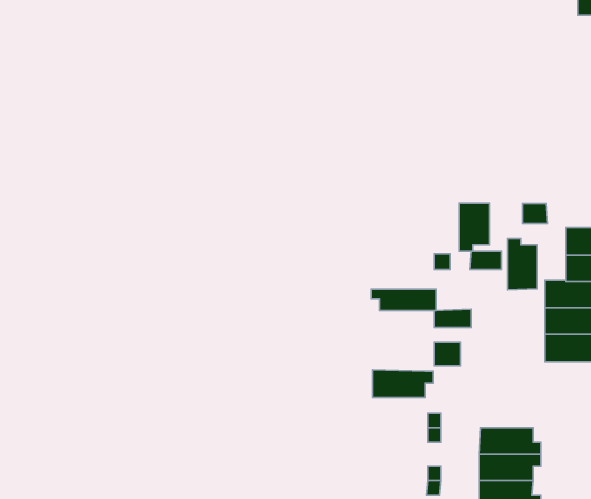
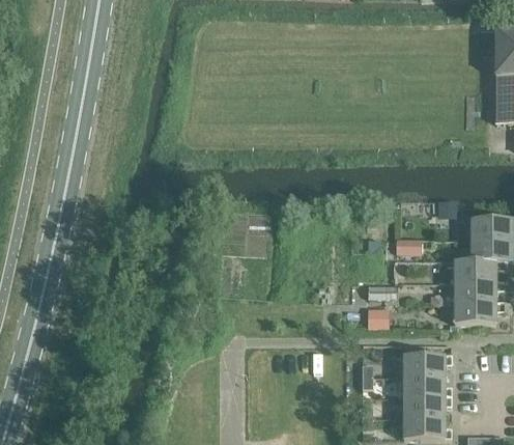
building: [459,203,489,251] -> none
building: [507,238,537,290] -> none
building: [371,289,436,310] -> none
building: [372,370,433,398] -> [403,354,451,376]

